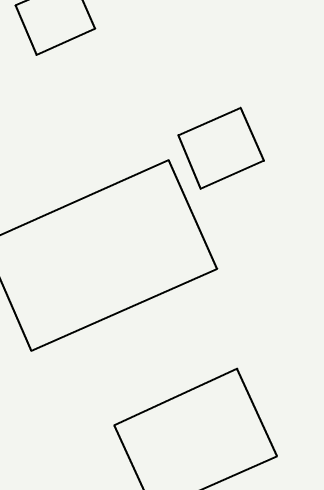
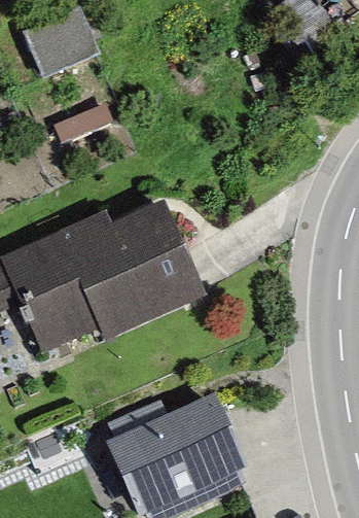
building: [178,108,264,189] -> none

